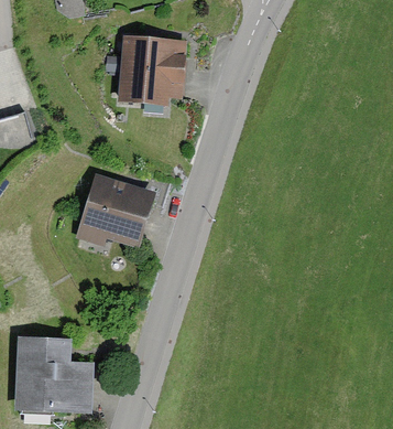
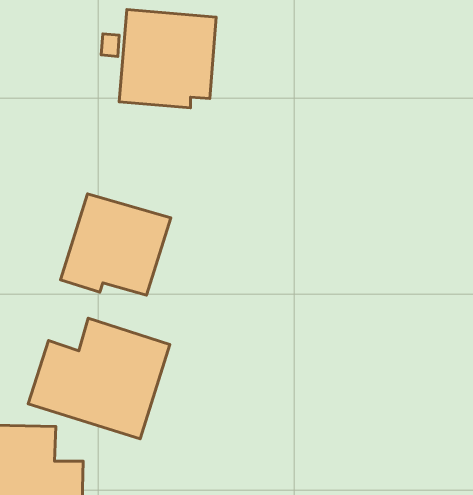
building: none -> [28,318,170,439]

